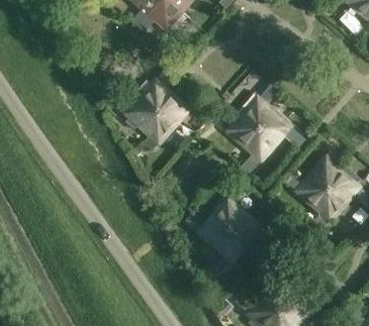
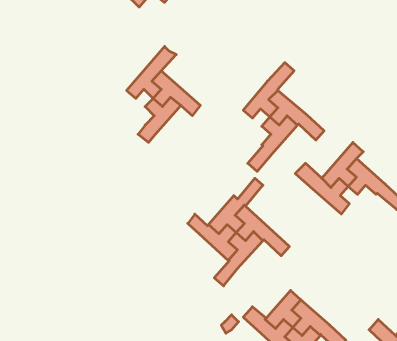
building: [113,94,156,135] -> none
building: [225,121,258,152] -> none
building: [308,188,350,234] -> none

